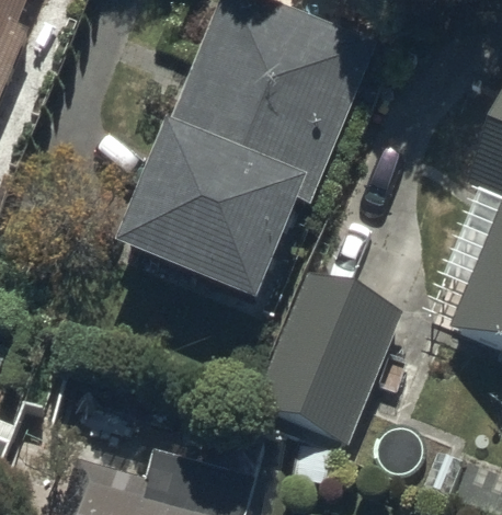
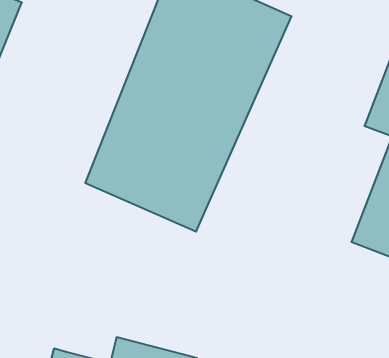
building: [253,276,400,445] -> none

